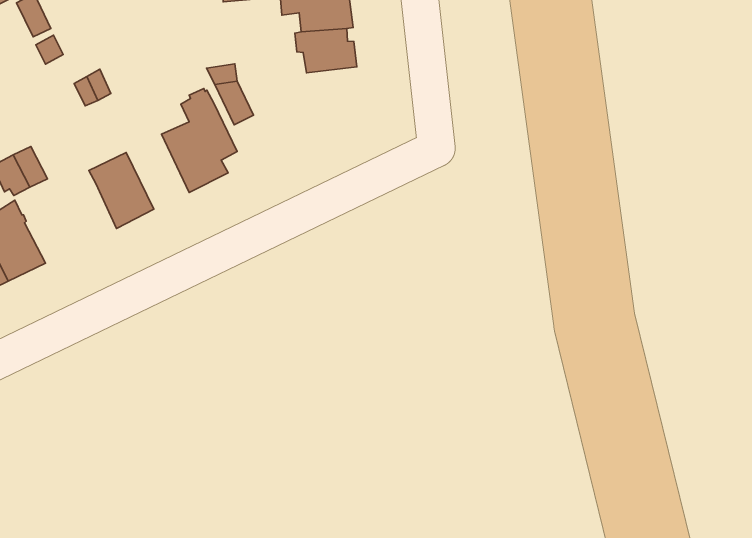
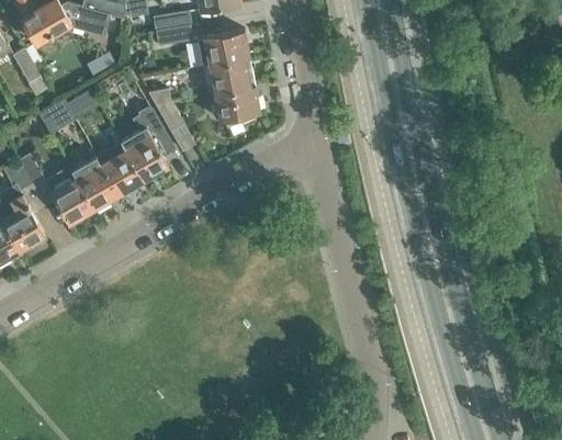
building: none -> [214,84,259,121]
building: none -> [95,140,142,193]
building: none -> [49,178,92,223]

